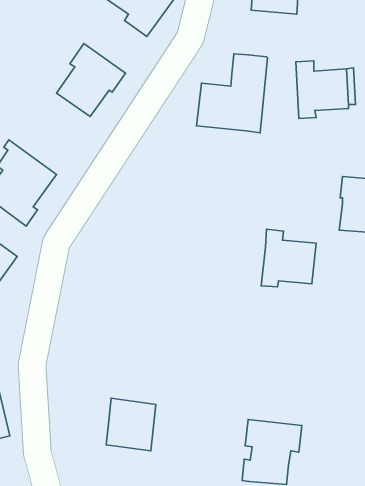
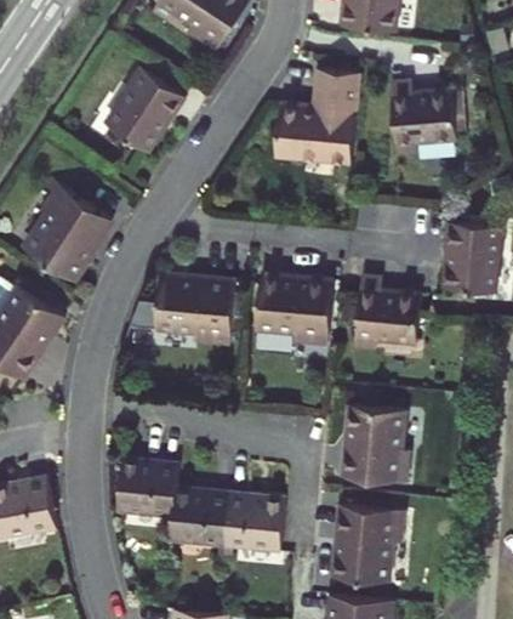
building: none -> [154,273,238,346]
building: none -> [249,277,329,347]
building: none -> [340,403,407,482]
building: none -> [114,455,177,519]
building: none -> [222,493,283,555]

